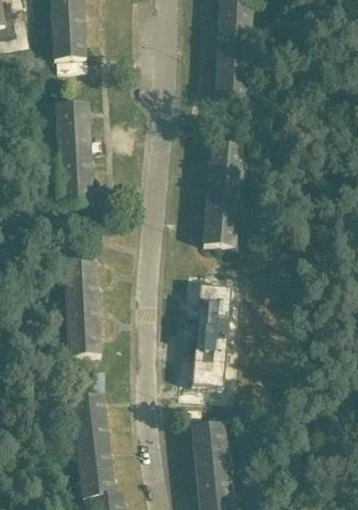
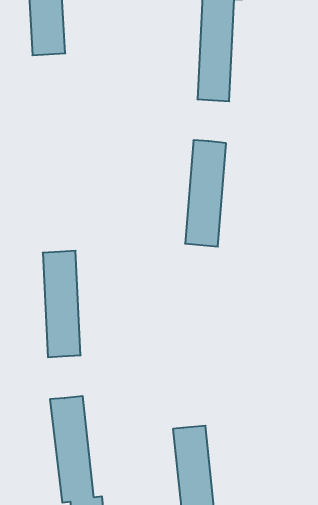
building: [56,102,93,205] -> none
building: [192,285,232,389] -> none

